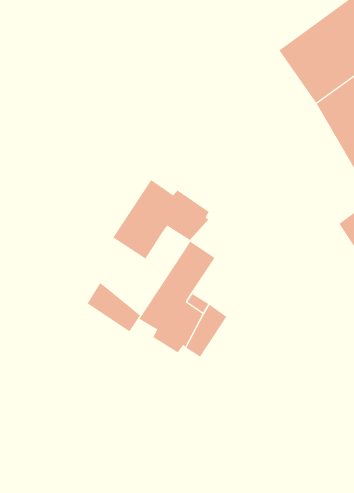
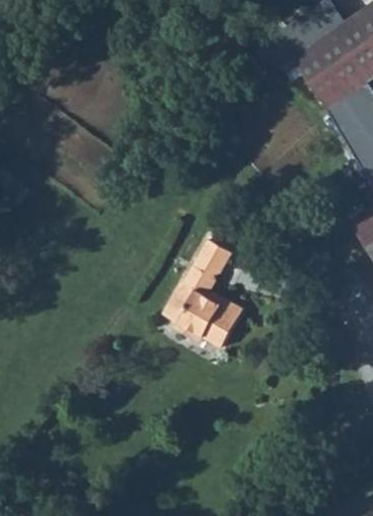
building: [112,179,210,260] -> none
building: [87,282,141,332] -> none

